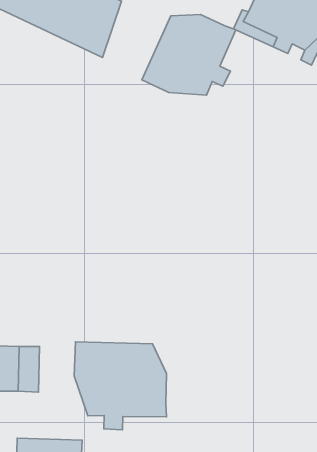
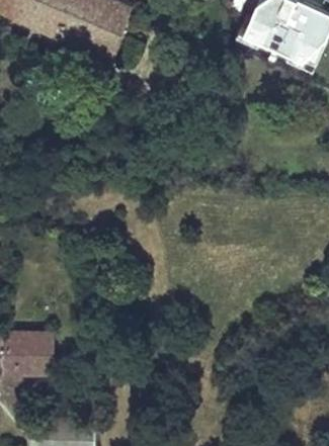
building: [142,15,236,95] -> none
building: [74,342,166,430] -> none

